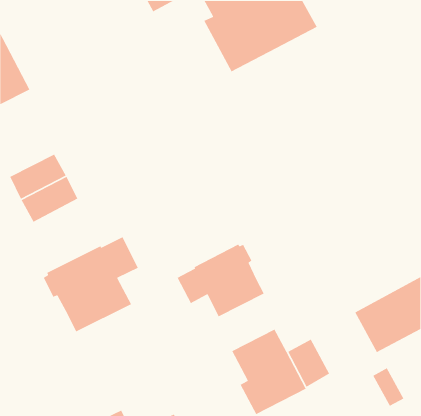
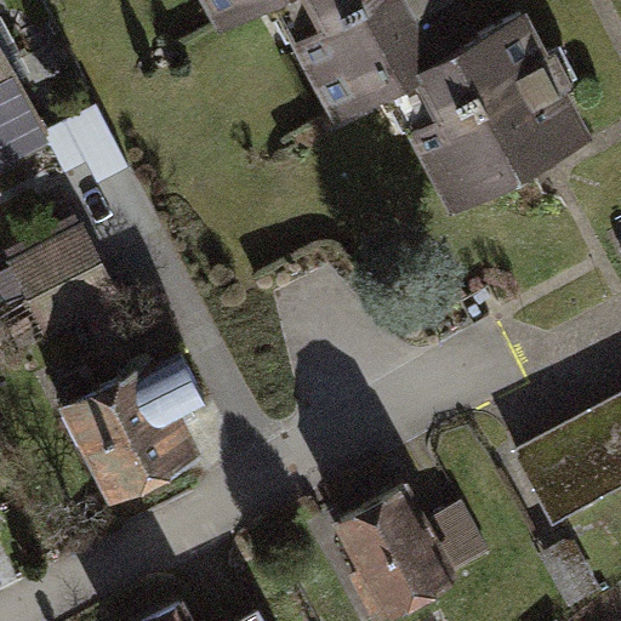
building: none -> [406,21,583,207]
building: [176,244,265,318] -> none

